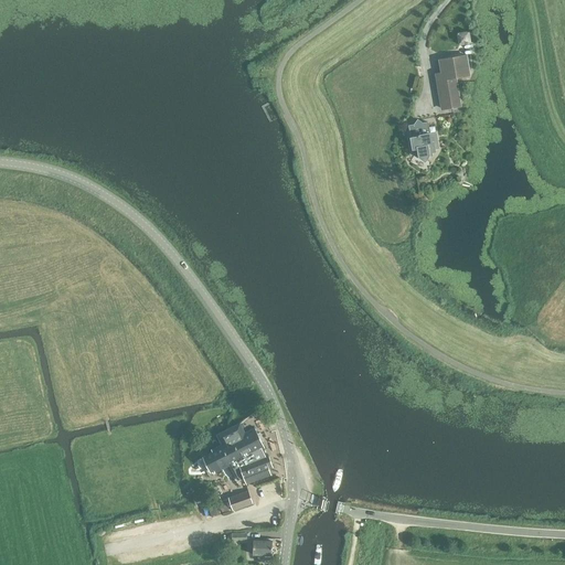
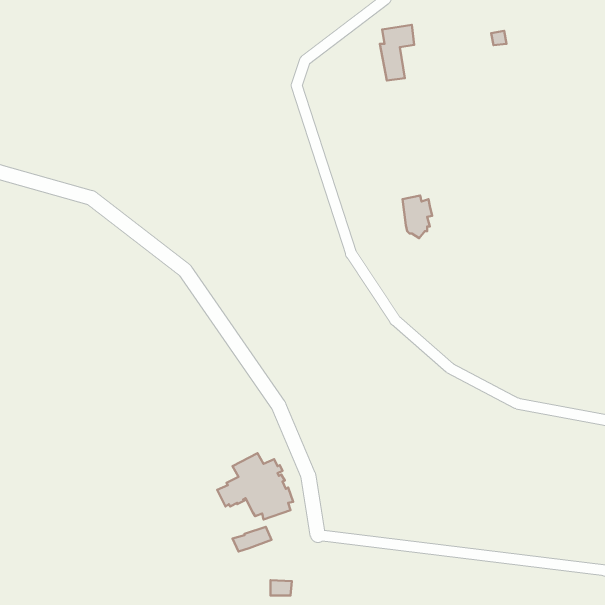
building: [436,55,468,107] -> [380,25,414,81]
building: [408,121,436,161] -> [402,196,432,238]

